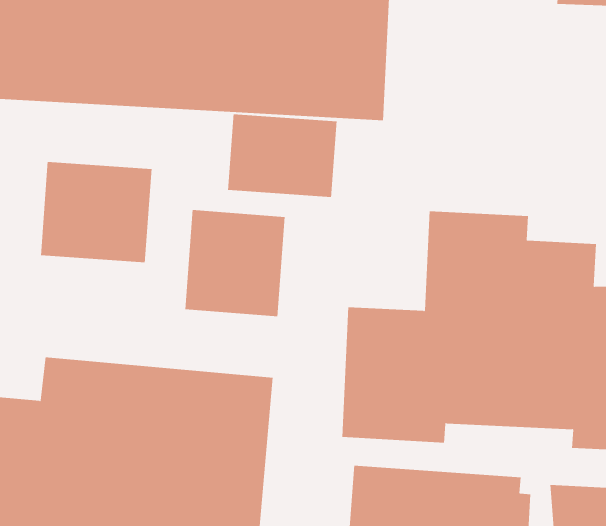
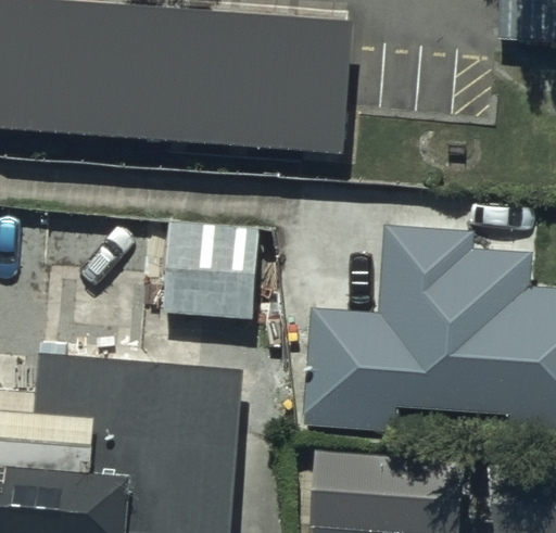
building: [228,114,337,198] -> none
building: [40,161,152,263] -> none

